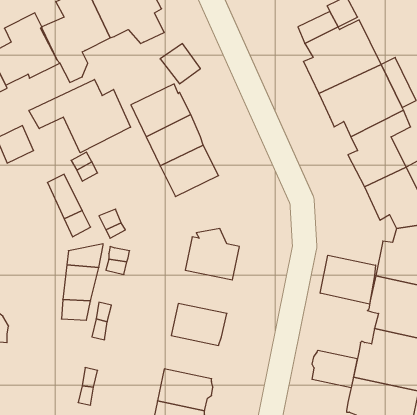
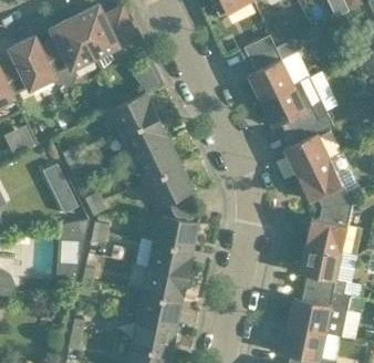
building: [29,79,131,153] -> none
building: none -> [145,165,191,210]
building: [320,255,376,304] -> none
building: none -> [147,240,190,274]
building: none -> [136,292,179,326]
building: [312,350,357,388] -> none

